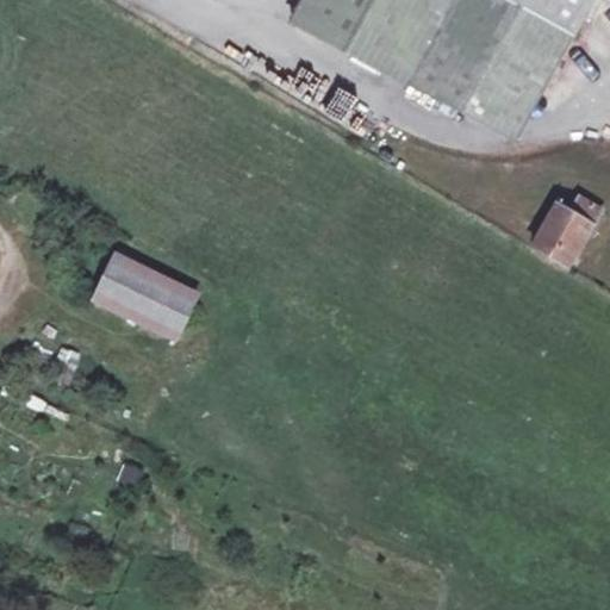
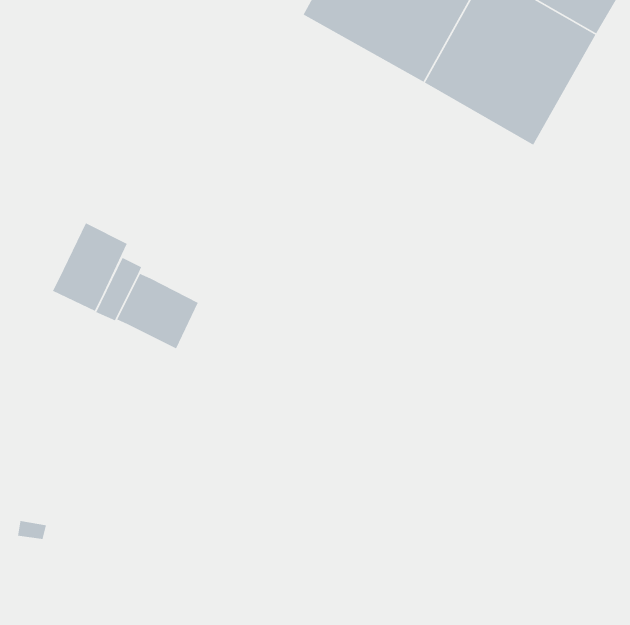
building: [531,195,597,262] -> none
building: none -> [52,222,128,312]

